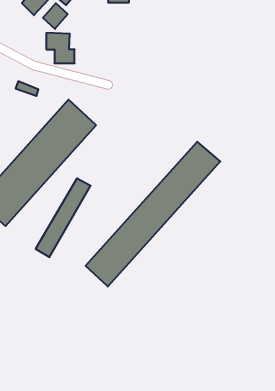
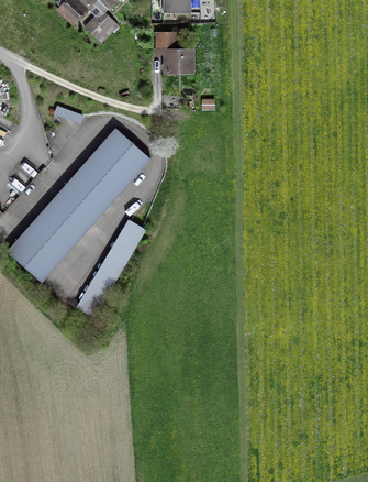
building: [46,33,75,63] -> [157,32,191,68]
building: [86,142,220,287] -> none

